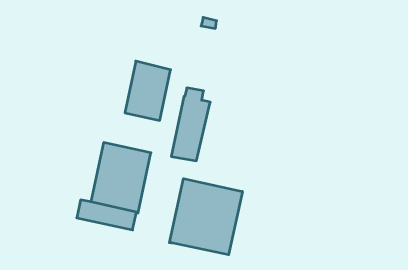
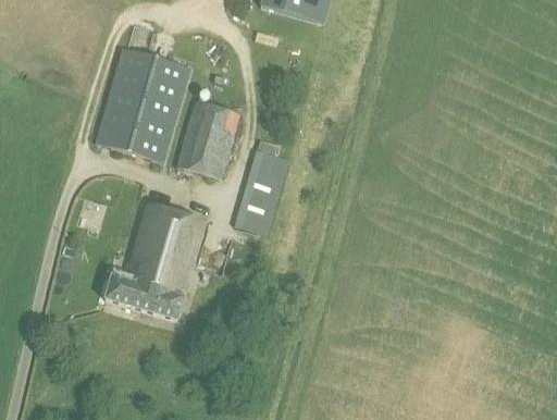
building: none -> [95,48,191,162]
building: [169,179,242,255] -> none

